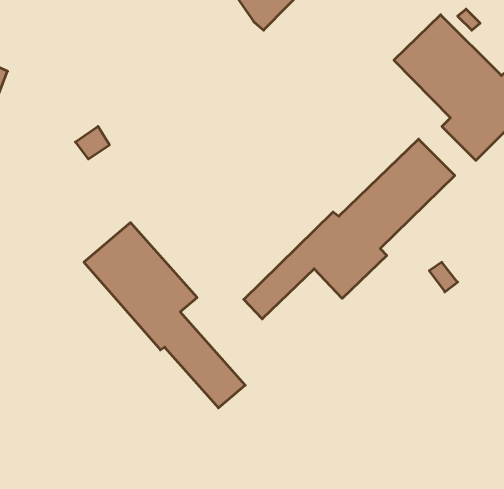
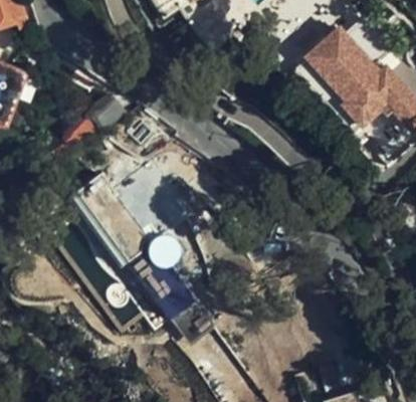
building: [244,139,455,319] -> none

